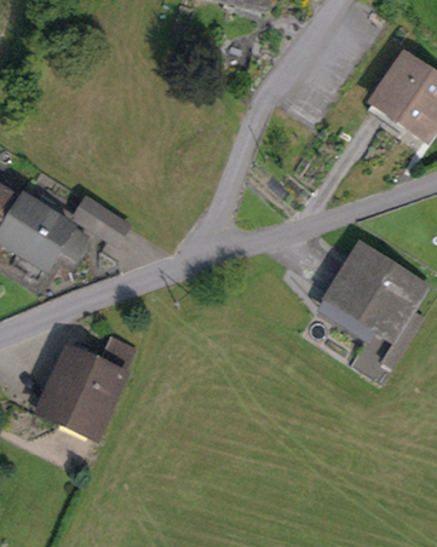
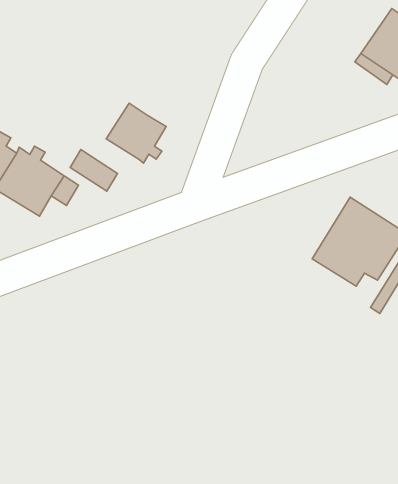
building: none -> [106,103,166,163]
building: [45,336,134,430] -> none

